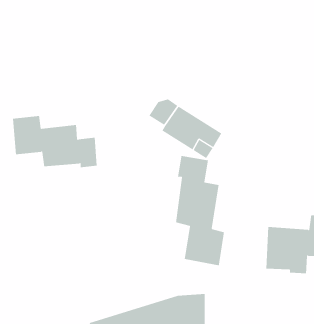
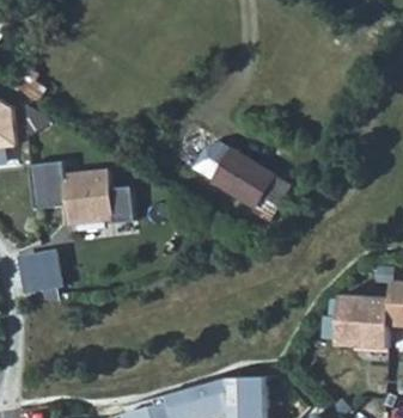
building: [175,155,224,266] -> none
building: none -> [19,247,67,293]

